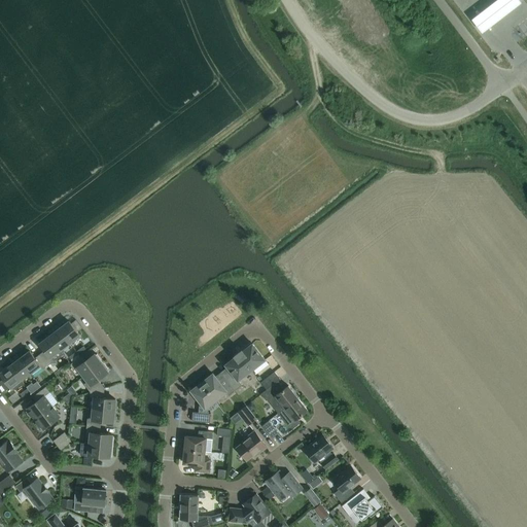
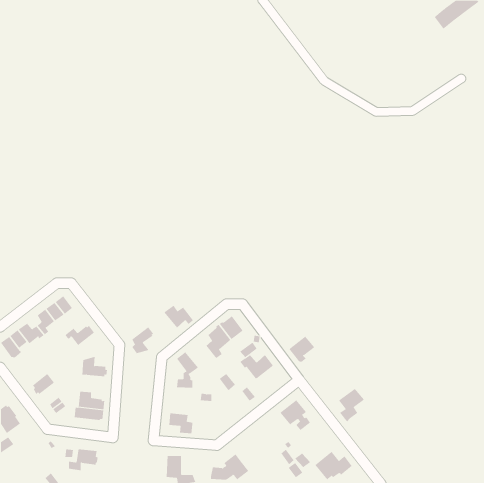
building: [84,362,109,392] -> [131,326,154,354]
building: [202,375,235,400] -> [163,305,194,329]
building: [27,387,51,420] -> none
building: [279,398,308,427] -> [289,336,315,362]
building: [86,409,115,427] -> none
building: [184,431,213,452] -> none
building: [237,431,267,461] -> none
building: [332,466,361,503] -> [338,388,365,422]
building: [266,471,303,499] -> none
building: [15,478,54,511] -> none

